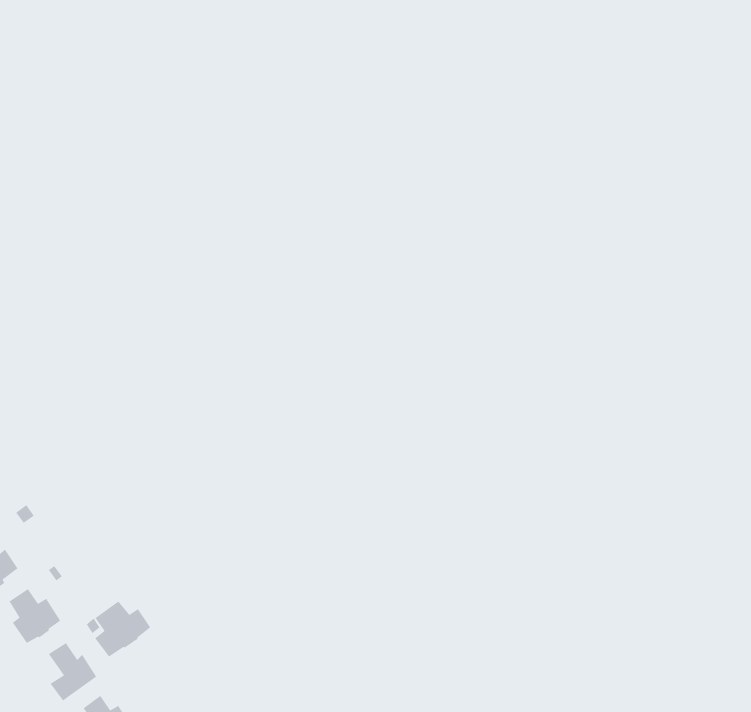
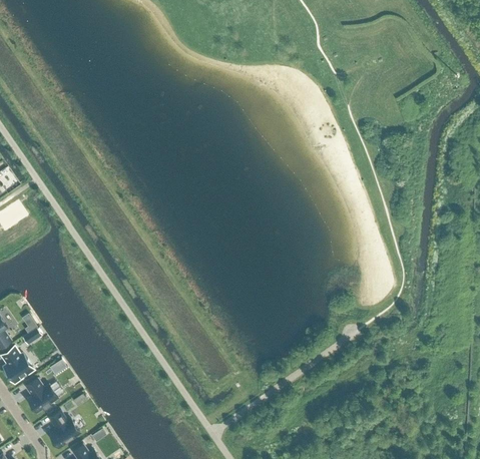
building: [94,601,151,658] -> none

